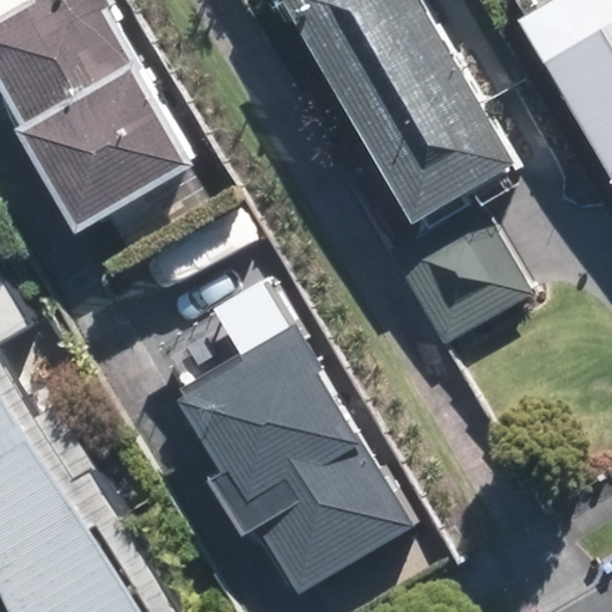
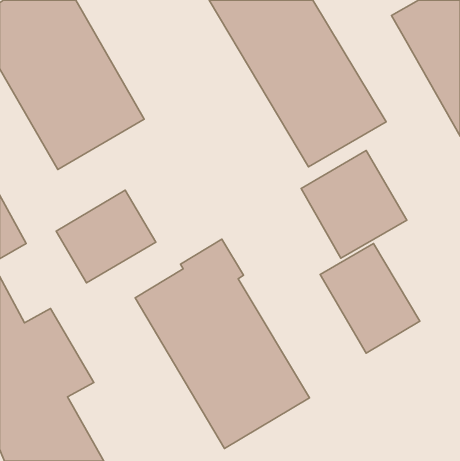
building: none -> [56,190,156,283]
building: none -> [320,244,420,353]

